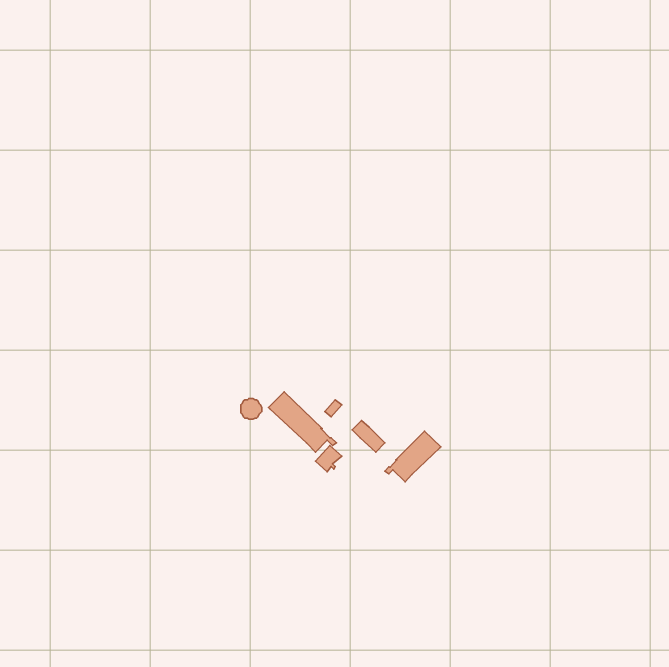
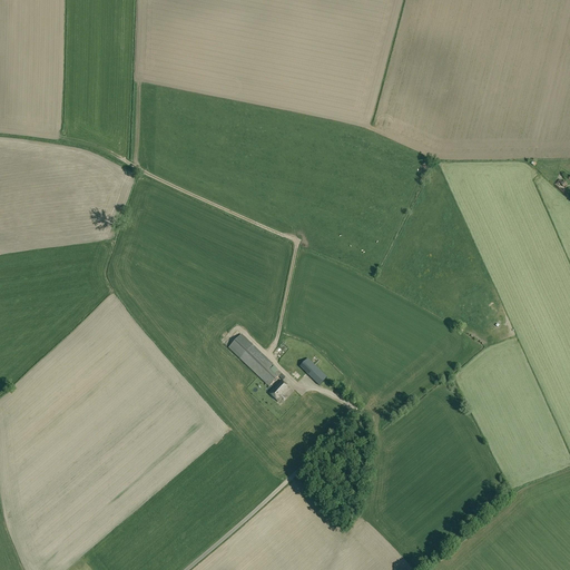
building: [385,431,441,482] -> none

